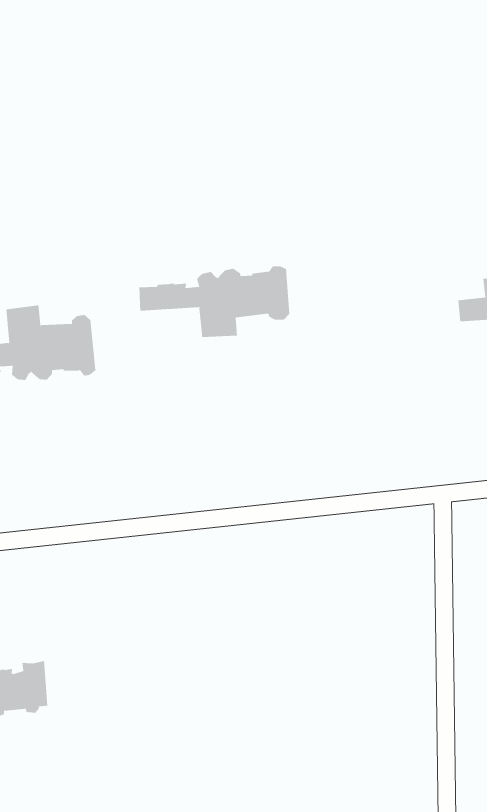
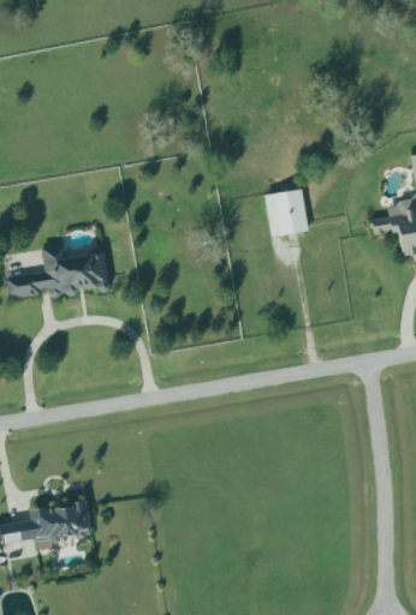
building: none -> [265,187,307,235]
building: [139,265,290,338] -> none

